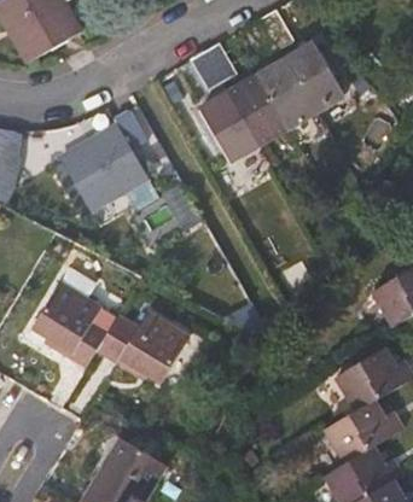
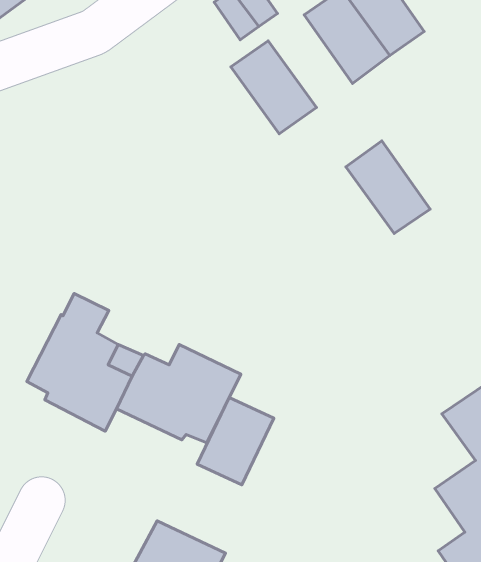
building: [229,76,289,145] -> [346,141,430,234]
building: [60,111,147,210] -> none
building: none -> [197,397,274,485]

